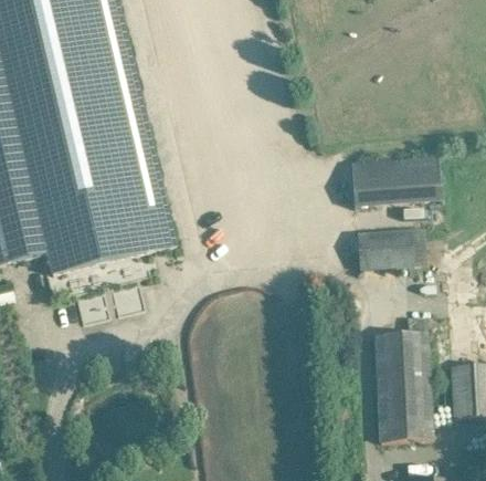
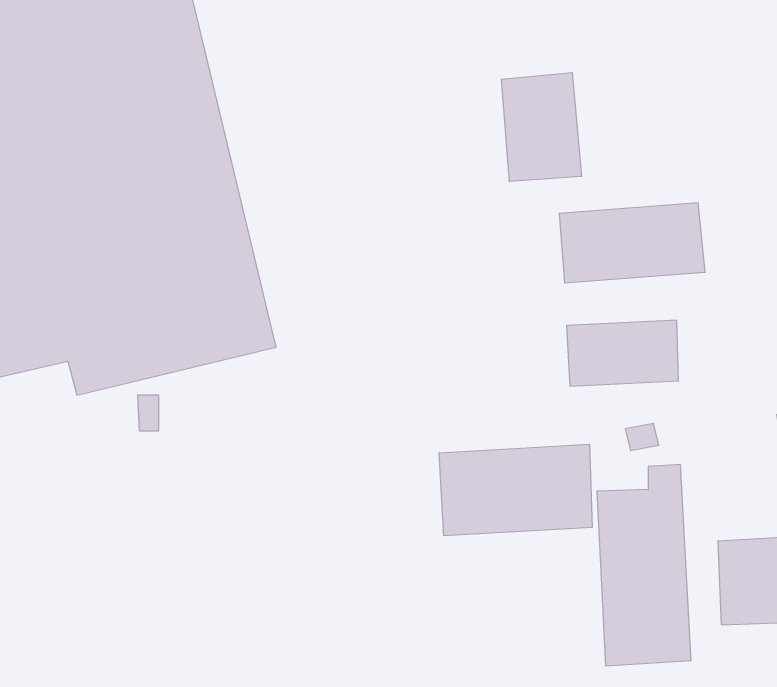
building: none -> [502,72,582,182]
building: none -> [439,444,592,536]

